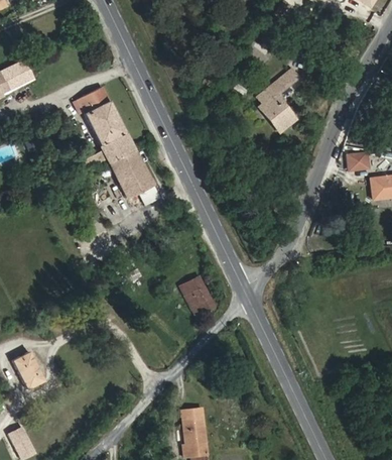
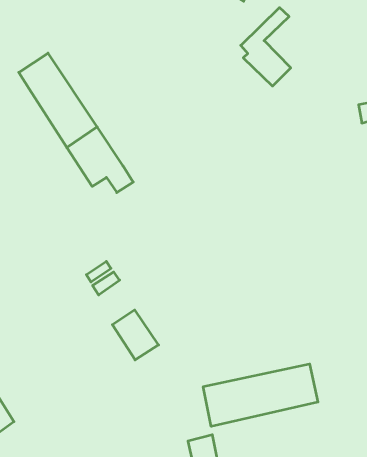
building: [181,275,217,316] -> [112,310,159,360]
building: none -> [203,364,318,426]

